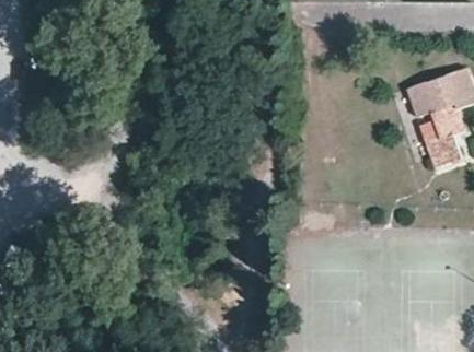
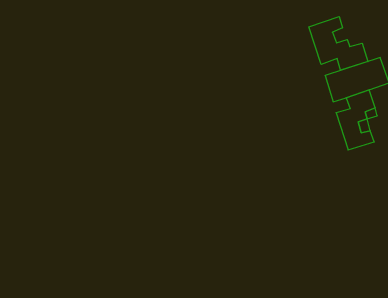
building: none -> [309,17,368,70]

